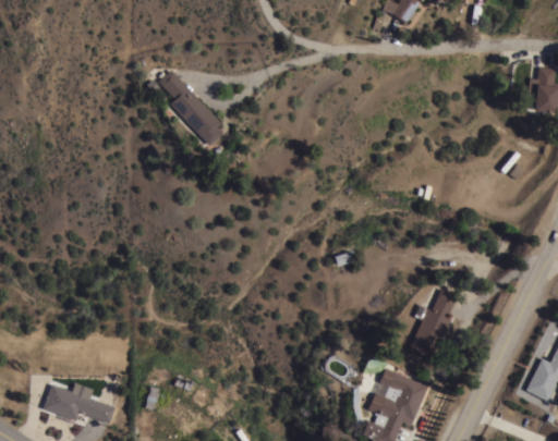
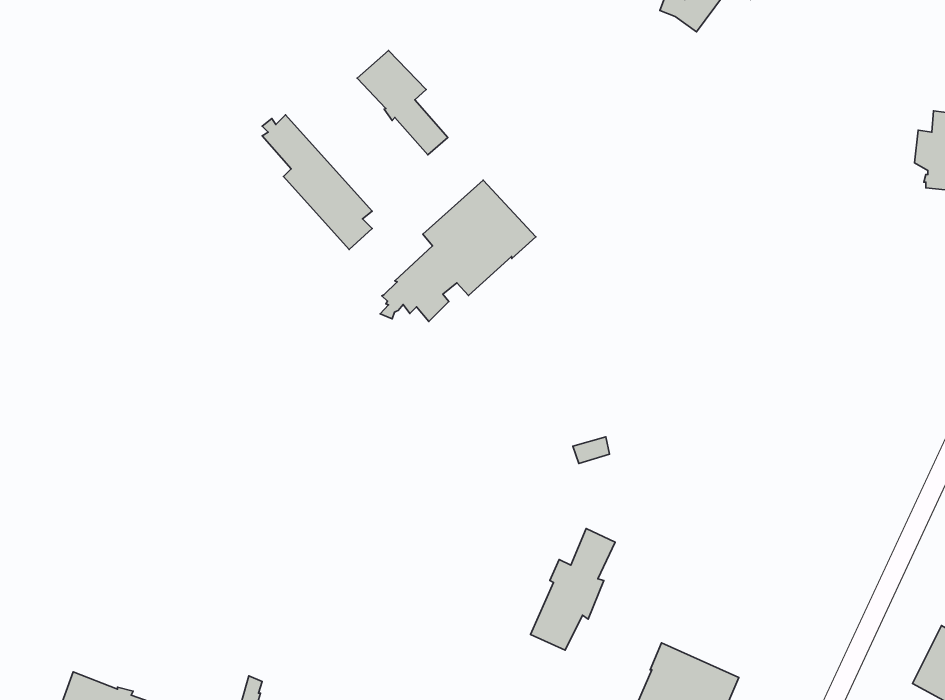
building: none -> [357,50,448,155]
building: none -> [380,180,536,322]
building: [410,290,458,358] -> [530,529,615,650]

